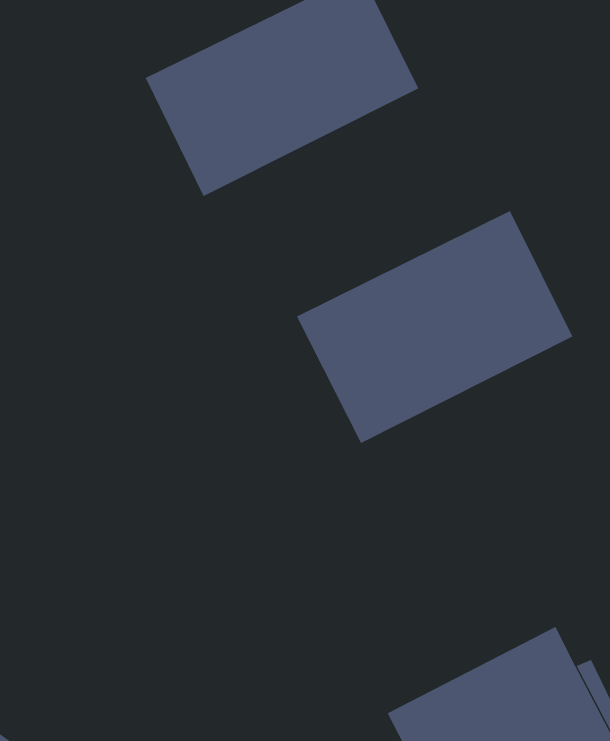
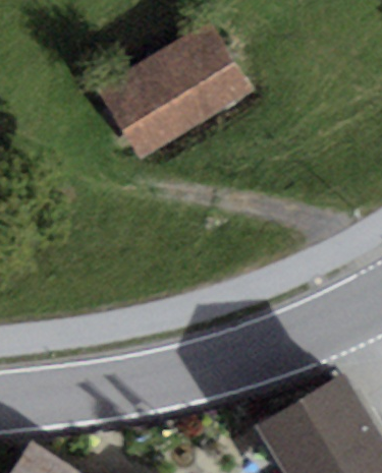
building: [296,210,573,444] -> none

